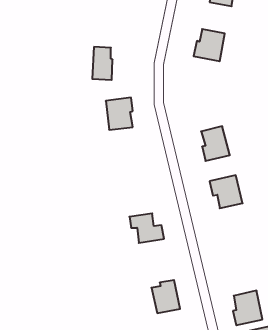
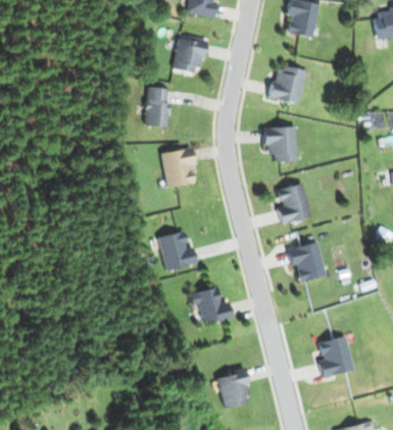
building: none -> [173,35,206,74]
building: none -> [263,126,297,162]
building: none -> [157,230,197,271]
building: [233,291,262,325] -> [317,335,353,377]

